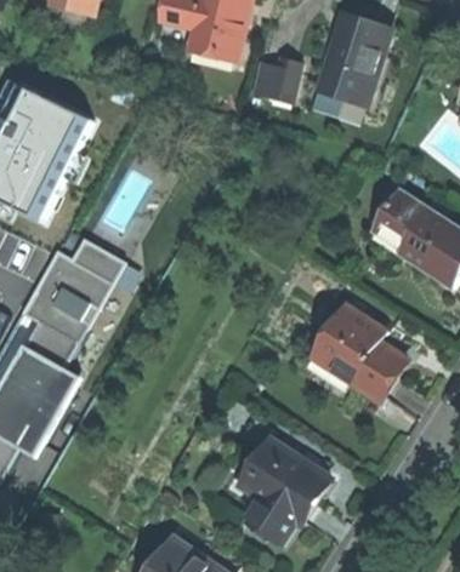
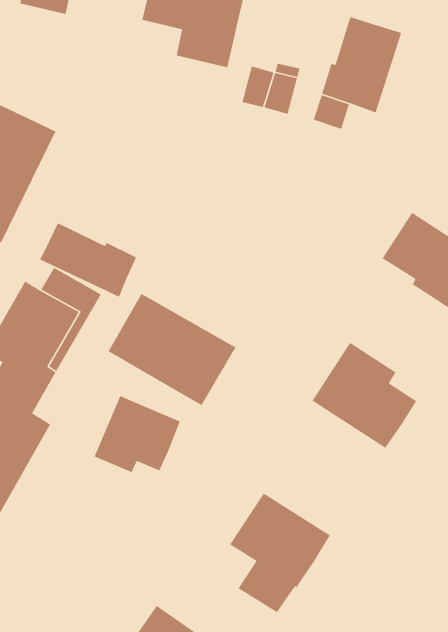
building: none -> [39,222,137,298]
building: none -> [108,293,237,406]
building: none -> [94,395,181,473]

